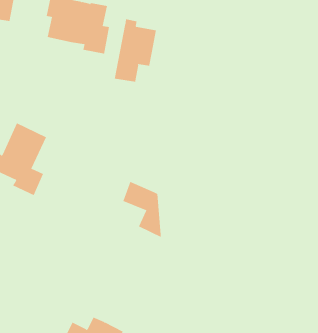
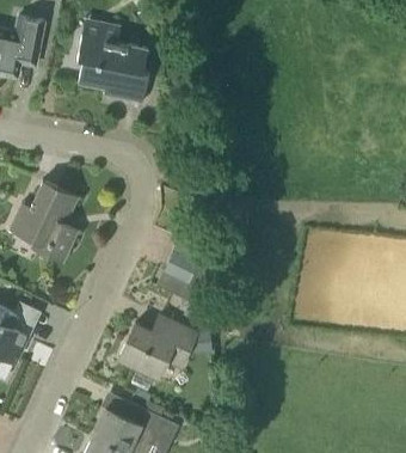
building: [114,19,156,83] -> none
building: none -> [118,314,213,377]

